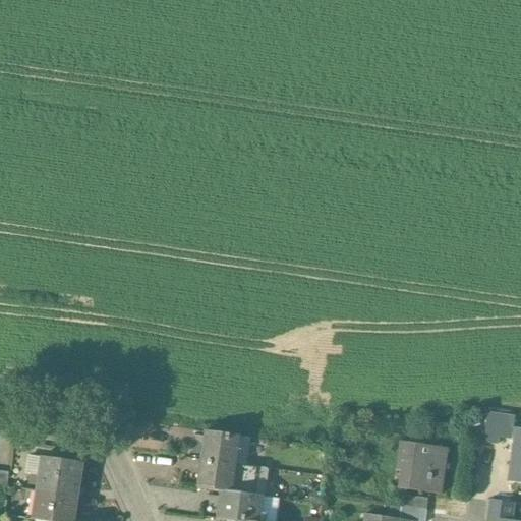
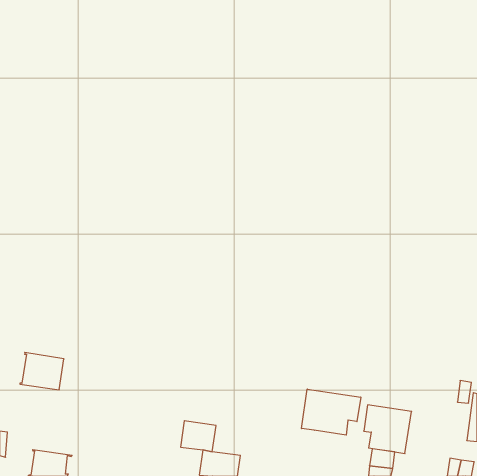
building: none -> [302,389,361,435]
building: [200,430,239,463] -> none
building: [36,455,83,496] -> [20,352,64,390]

